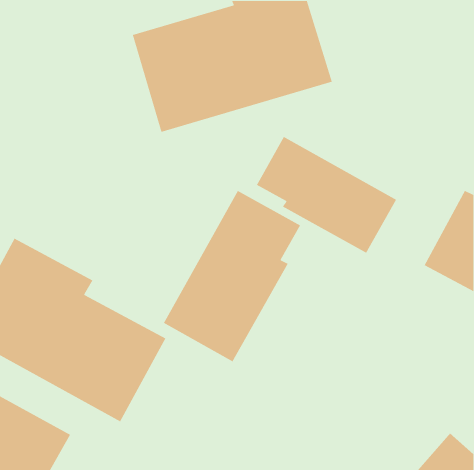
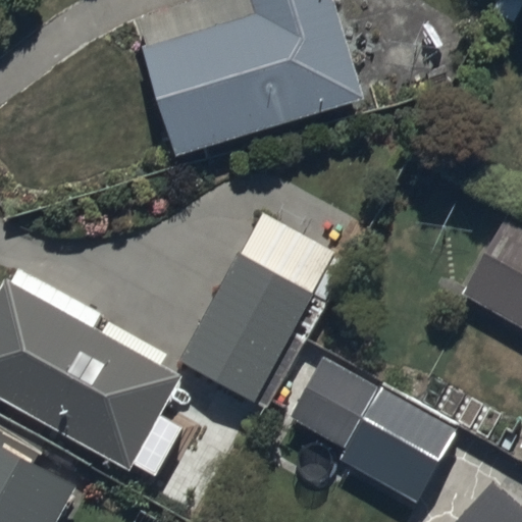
building: [256,136,397,254] -> none
building: none -> [286,356,461,507]

